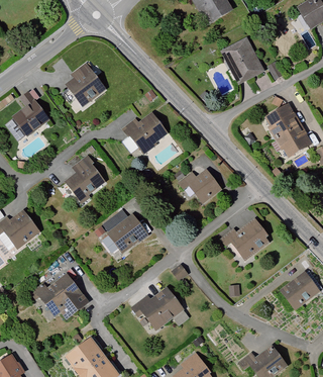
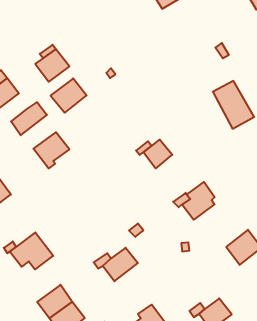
building: [220,37,263,84] -> none
building: [128,112,169,151] -> [51,78,87,113]
building: none -> [11,102,47,135]
building: [107,214,147,253] -> none

